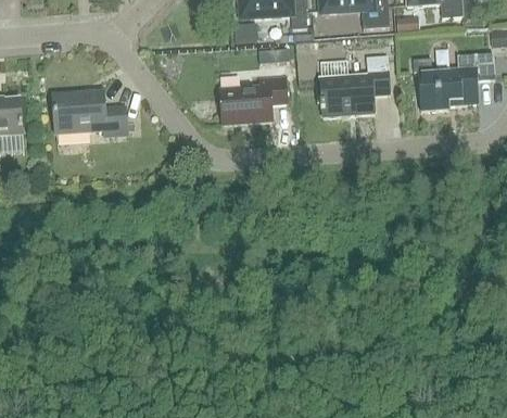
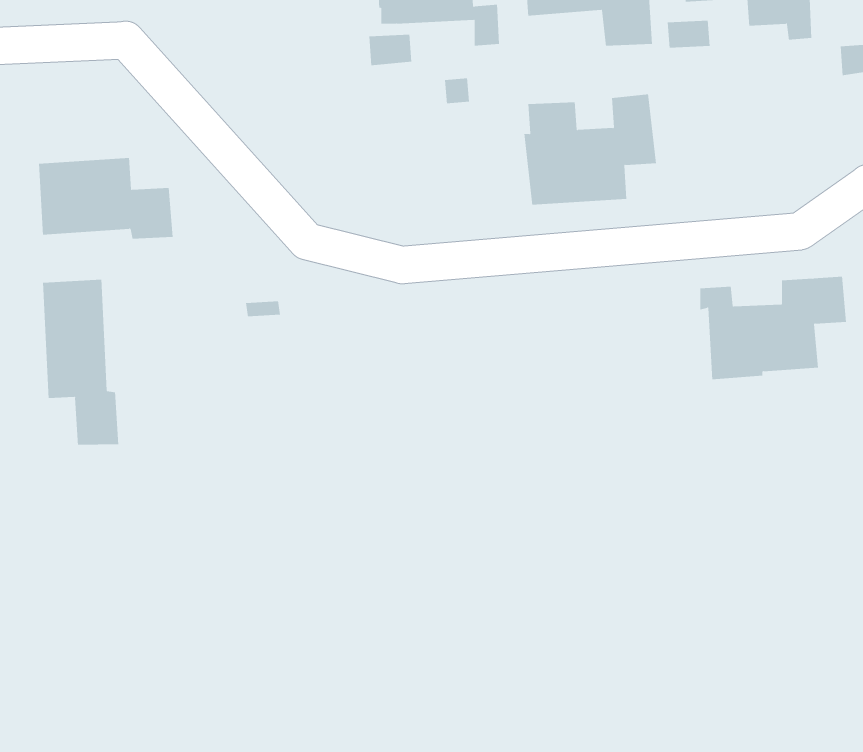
building: [415,53,495,110] -> [700,276,847,380]
building: [219,75,287,123] -> none
building: none -> [42,279,119,445]

